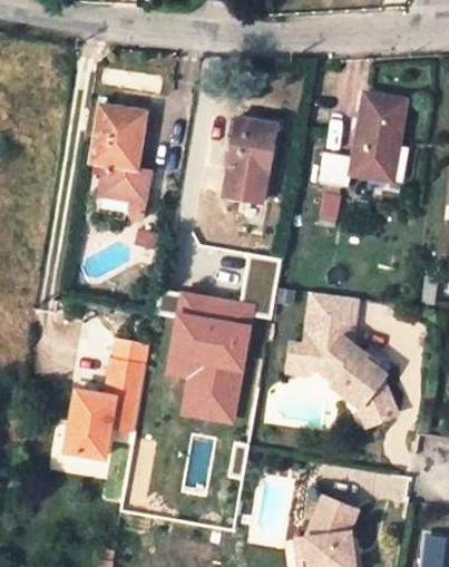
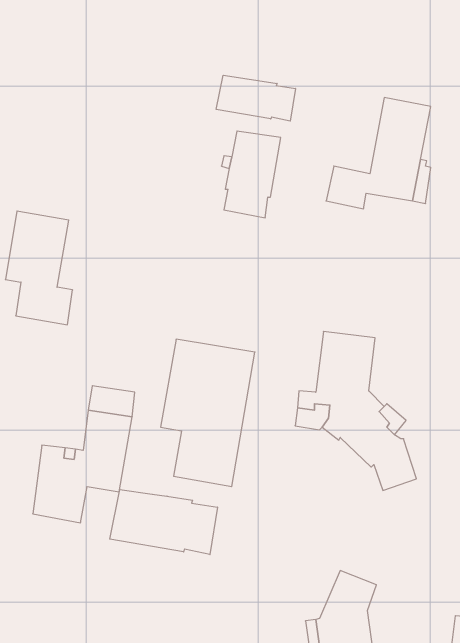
building: none -> [216,75,295,121]
building: [91,105,149,203] -> [5,211,73,325]
building: none -> [110,489,217,555]

